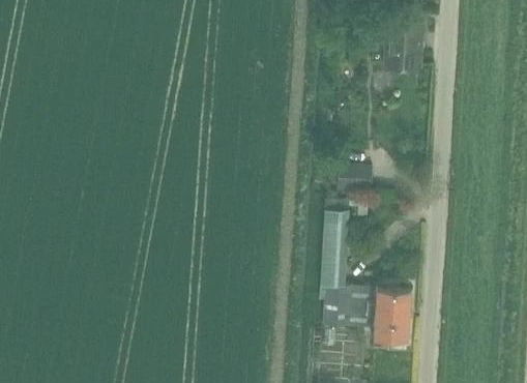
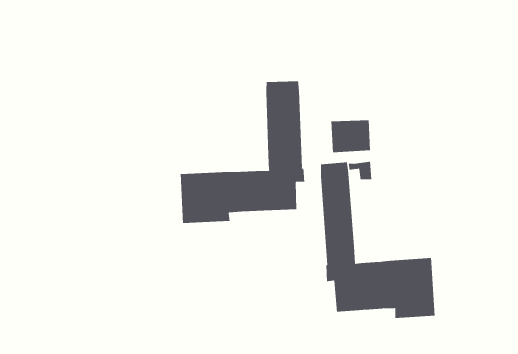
building: none -> [180,81,305,224]

